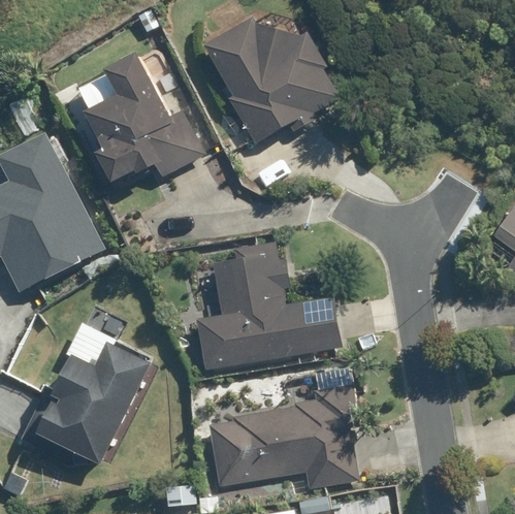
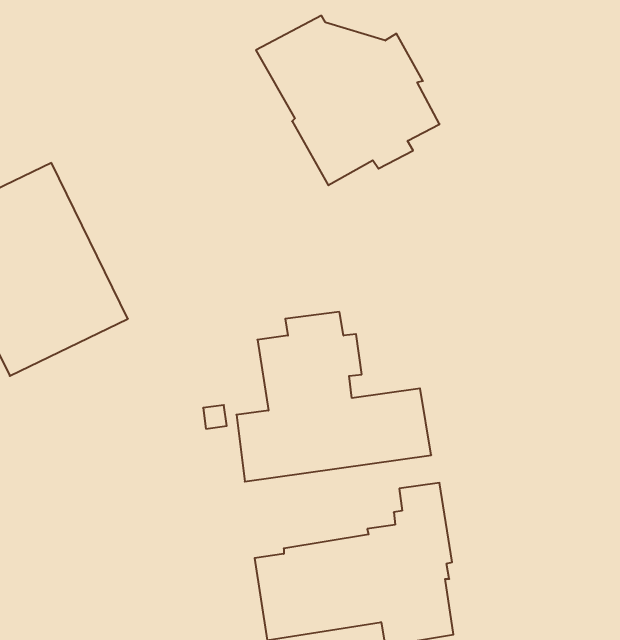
building: [86,59,204,184] -> none
building: [23,323,157,465] -> none

